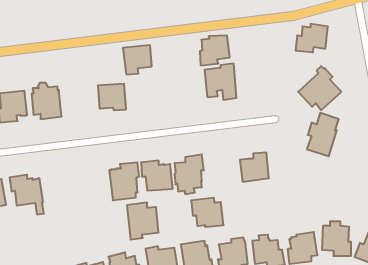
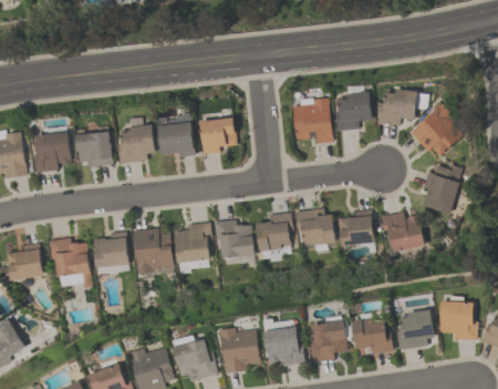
building: [295,24,328,52] -> [377,89,418,124]
building: [200,35,230,65] -> [335,92,373,130]
building: [123,45,152,74] -> [199,117,236,154]
building: none -> [117,124,155,163]
building: none -> [380,211,423,252]
building: none -> [92,231,128,268]
building: [191,198,224,227] -> [293,208,334,245]
building: [127,203,159,240] -> [132,227,172,274]

